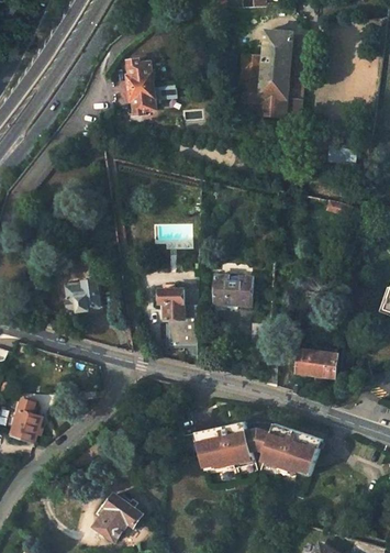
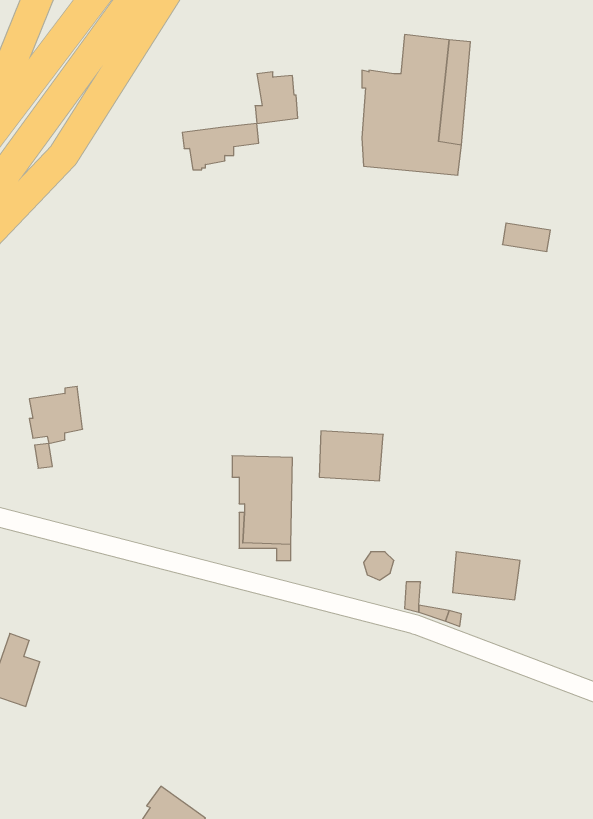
building: [126,57,153,89] -> [255,72,298,124]
building: [66,279,99,314] -> [29,386,83,443]
building: [197,418,252,466] -> none
building: [260,422,320,475] -> none

